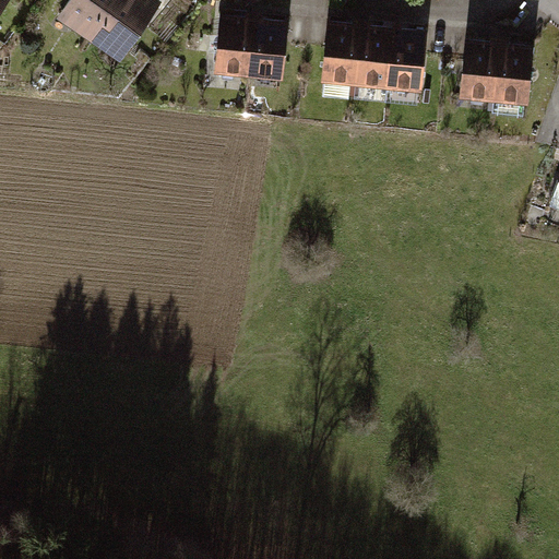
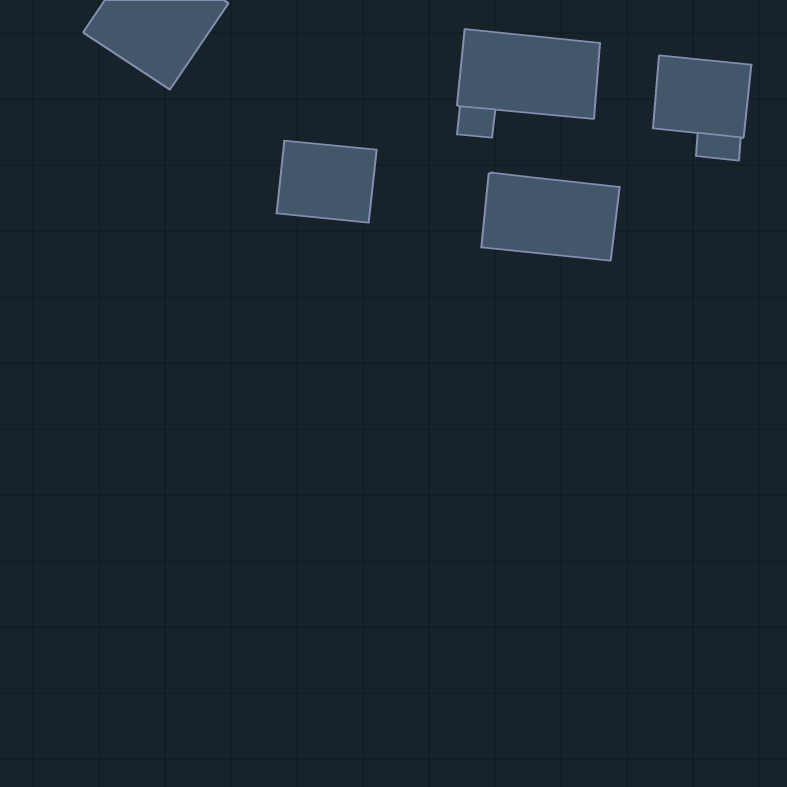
building: [215,15,286,73] -> [276,141,377,222]
building: none -> [481,172,619,261]

